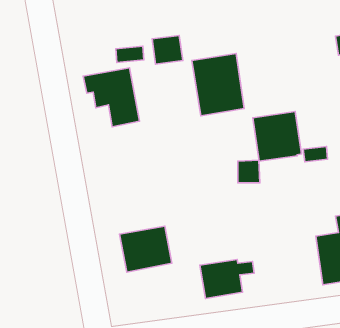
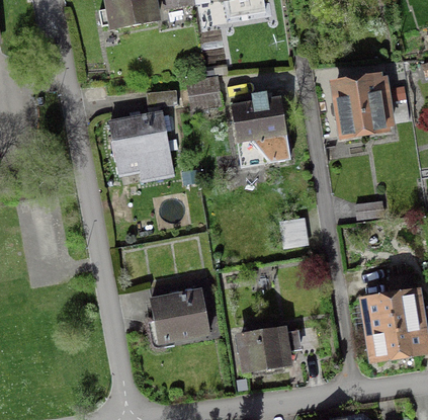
building: [253,111,302,161] -> [336,78,391,134]

